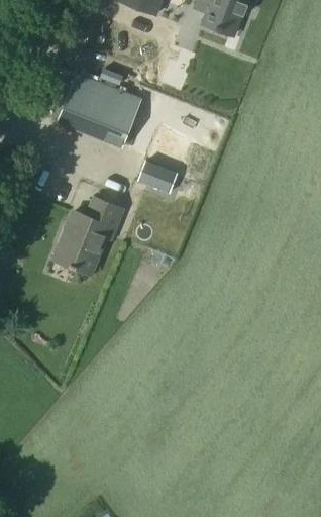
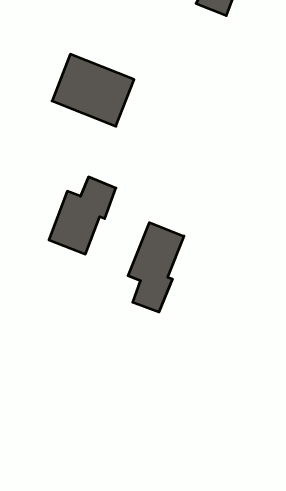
building: [138,161,177,193] -> none
building: none -> [128,223,184,312]

